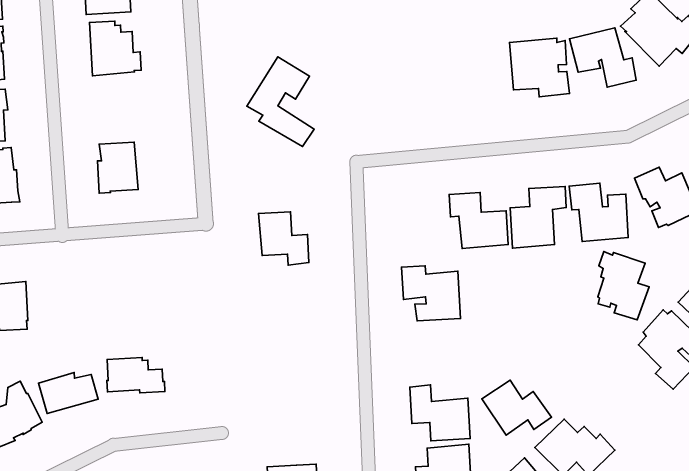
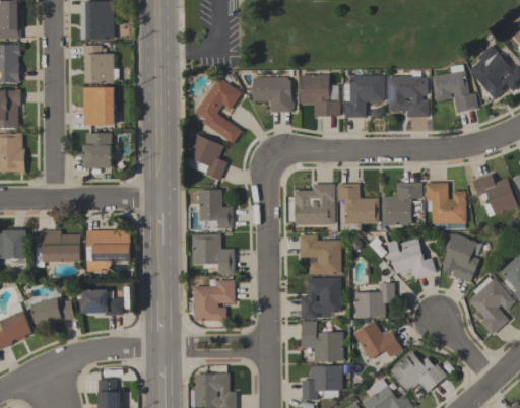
building: none -> [343,75,385,118]
building: none -> [300,74,339,116]
building: none -> [252,77,292,112]
building: none -> [82,86,115,125]
building: none -> [186,134,226,180]
building: none -> [294,184,335,225]
building: none -> [386,237,436,279]
building: none -> [192,233,234,274]
building: none -> [86,229,131,271]
building: none -> [35,230,81,267]
building: none -> [300,277,340,319]
building: none -> [353,282,394,318]
building: none -> [193,280,235,321]

